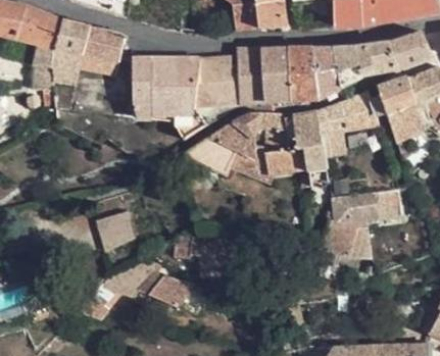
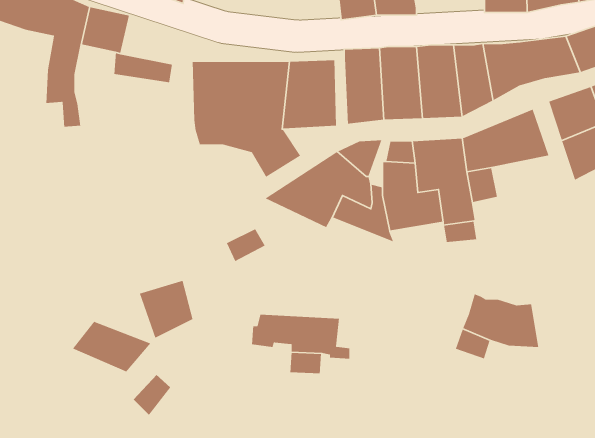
building: [84,28,125,61] -> none
building: [52,48,80,85] -> none
building: [330,189,401,227] -> none
building: [139,270,194,306] -> [72,321,152,373]

